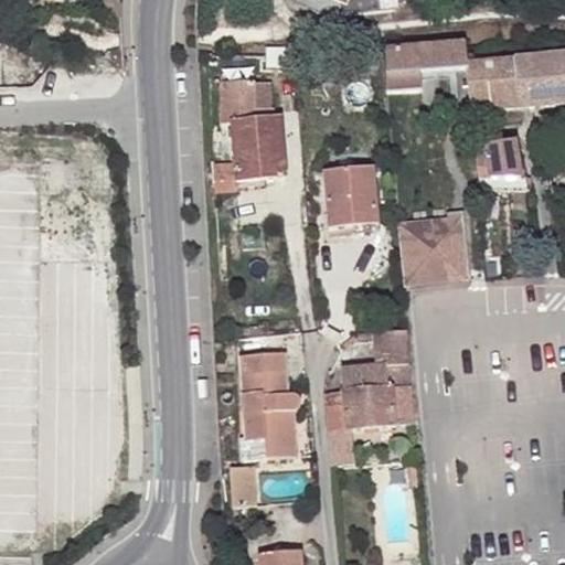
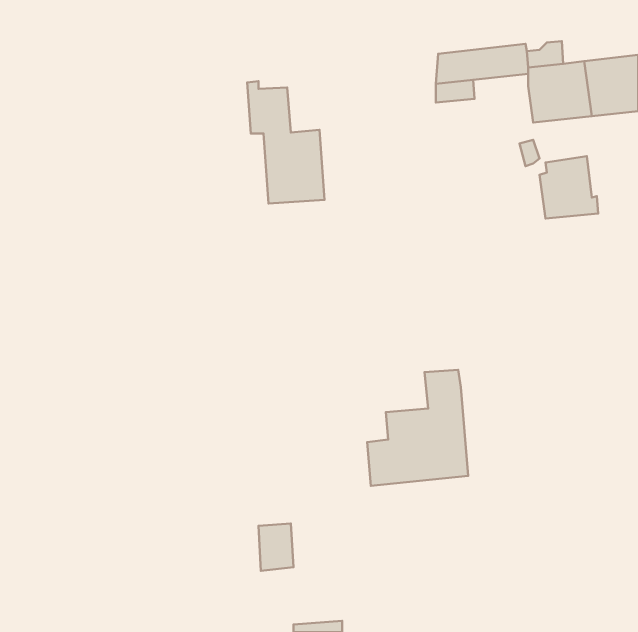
building: [323,166,380,227] -> none
building: [398,216,465,281] -> none
building: [239,351,300,456] -> none

